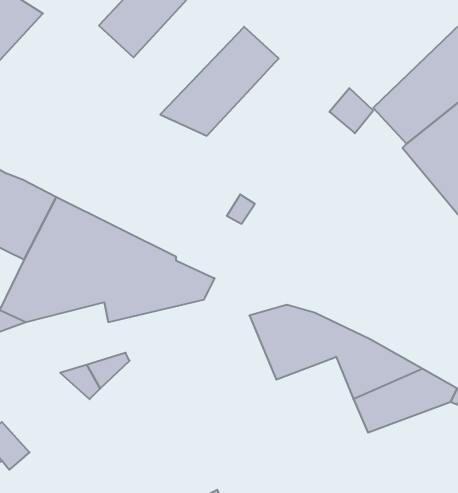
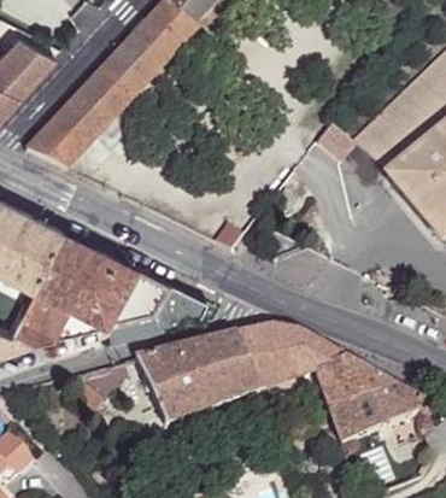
building: [160,27,279,136] -> [24,69,131,168]
building: none -> [134,332,260,422]

